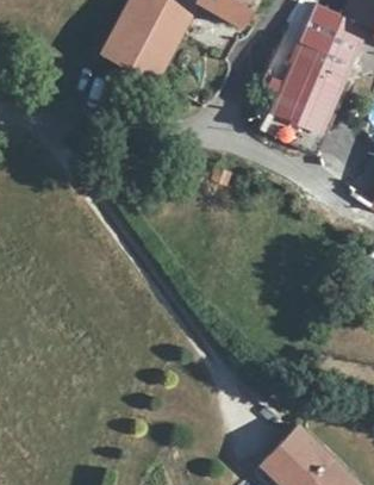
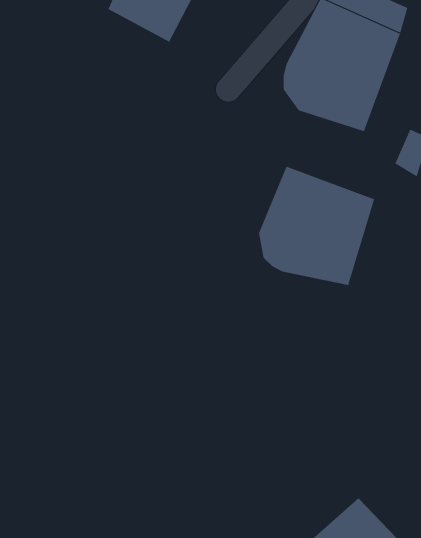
building: none -> [258,166,375,286]

